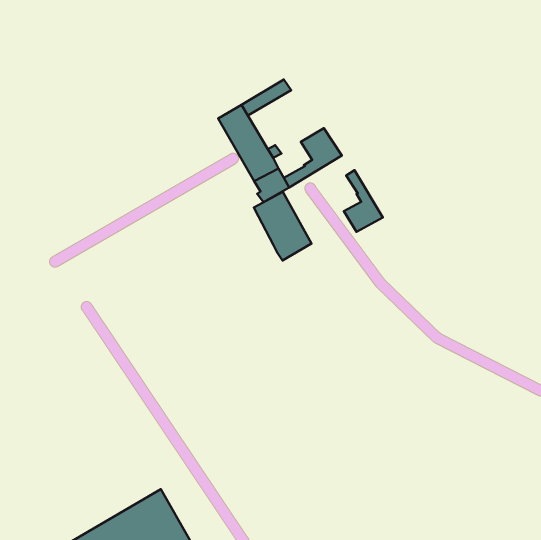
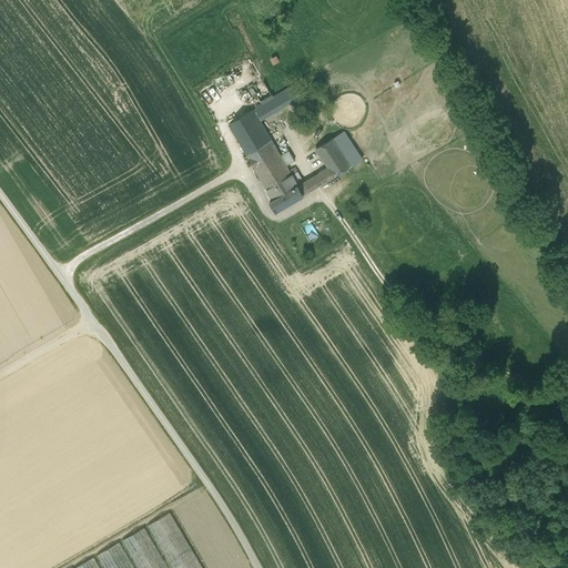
building: [344,170,383,232] -> none
building: [254,192,311,261] -> none

